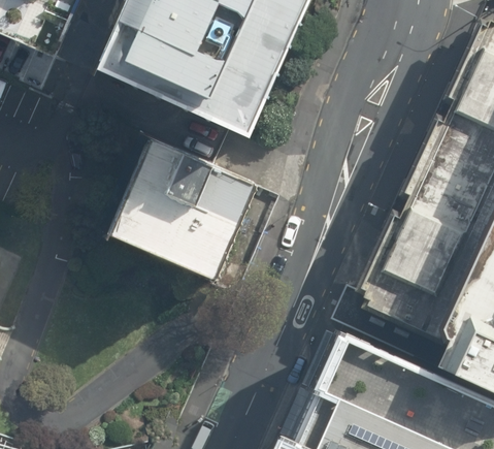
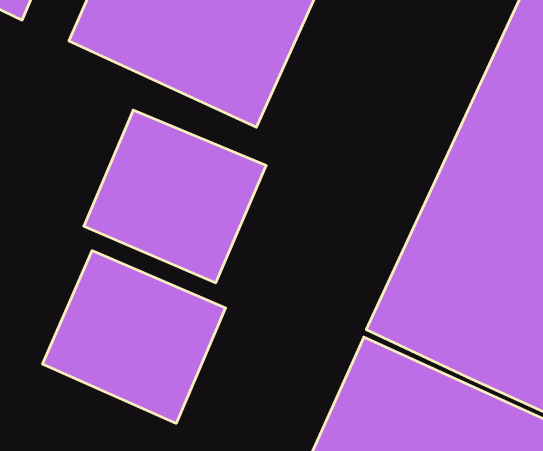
building: none -> [43,251,226,423]

